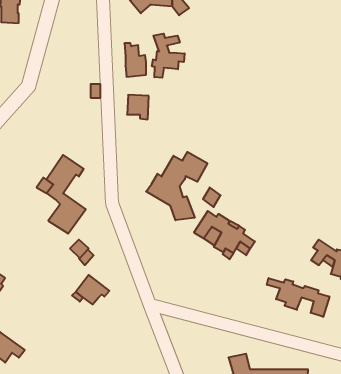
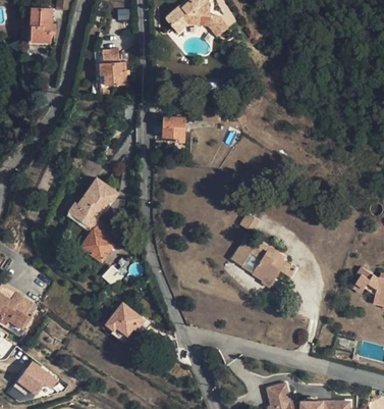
building: [152,34,185,78] -> none
building: [124,43,146,77] -> [103,50,125,85]
building: [146,152,207,220] -> none
building: [267,278,329,317] -> none

